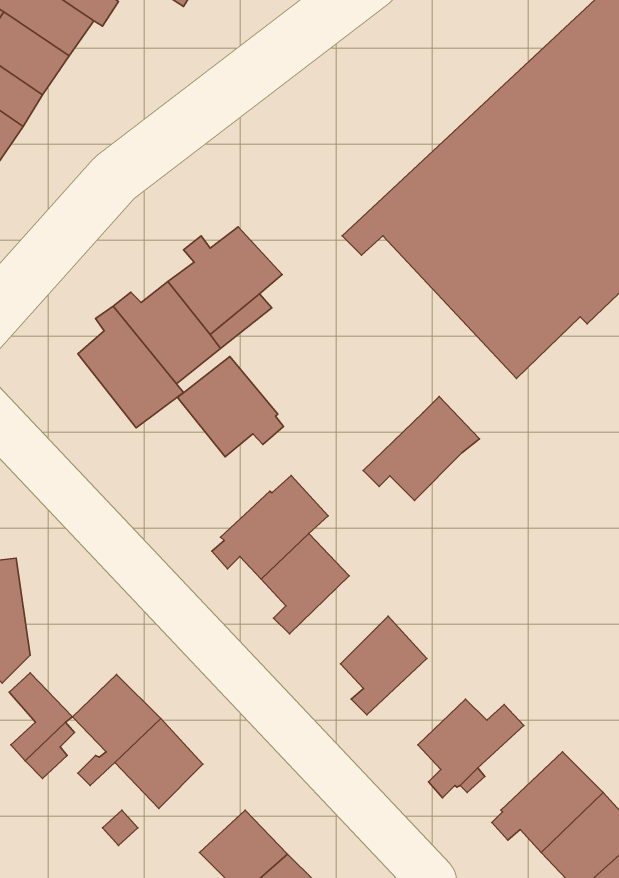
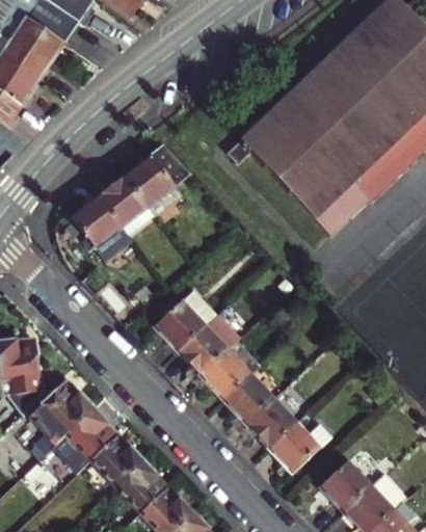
building: [177,356,284,457] -> none
building: [363,396,480,500] -> [194,340,263,401]
building: none -> [42,381,92,432]
building: none -> [240,398,298,449]
building: none -> [117,460,168,512]

